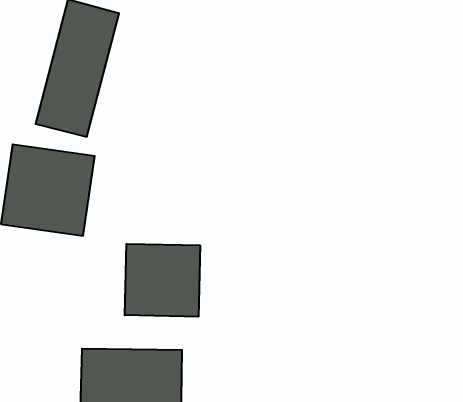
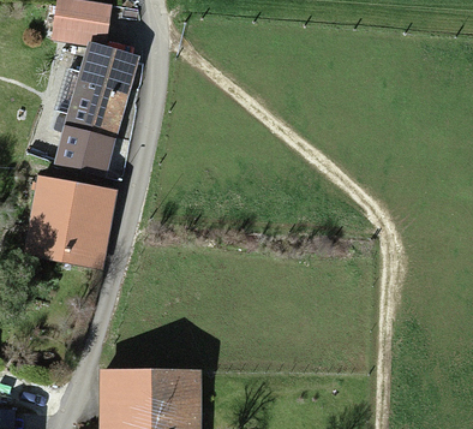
building: [125,244,200,317] -> none

